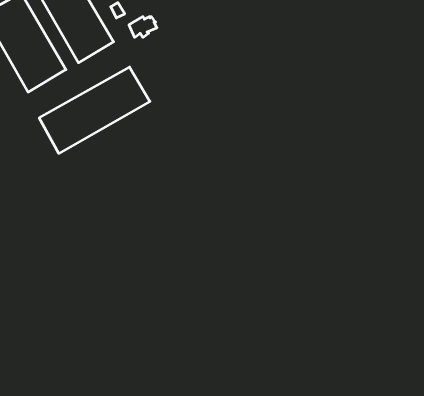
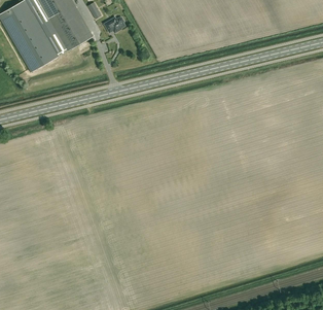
building: [39,67,150,153] -> none

